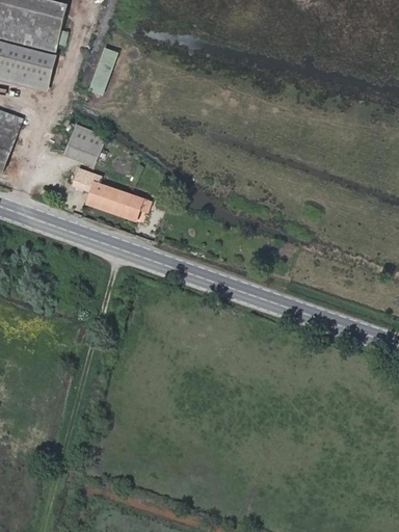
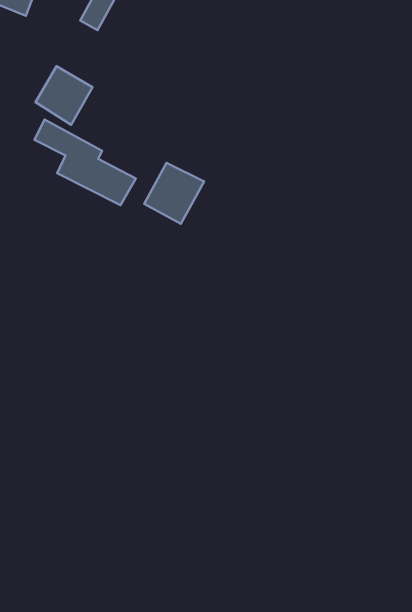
building: none -> [144,163,204,224]

